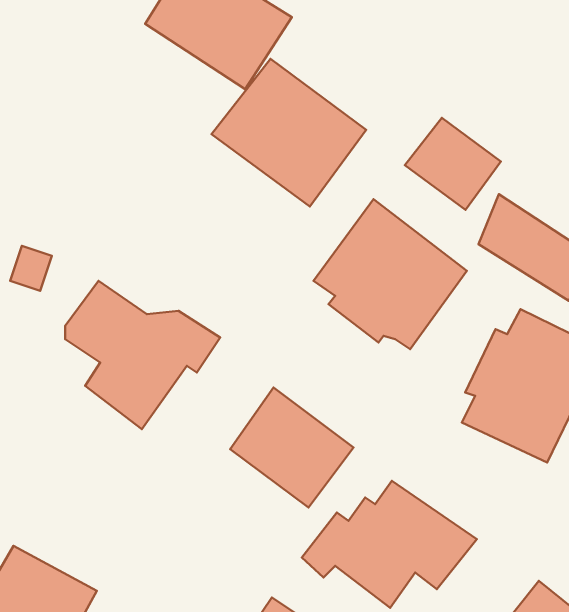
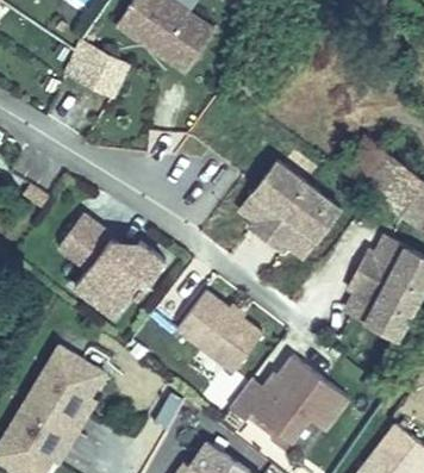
building: none -> [66,39,131,102]
building: [212,59,366,206] -> none
building: [405,118,501,210] -> none
building: none -> [21,341,108,434]

